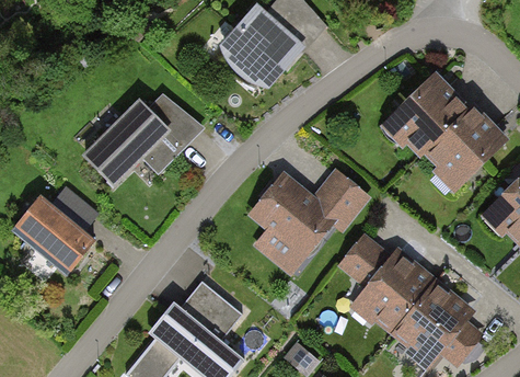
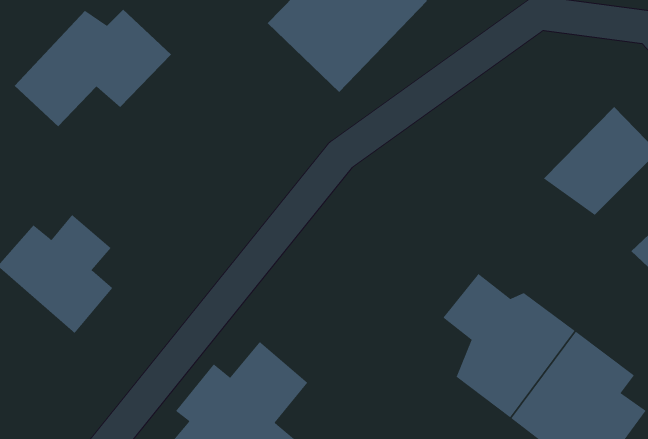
building: [380,73,467,161] -> none
building: [81,96,198,184] -> [14,9,172,127]
building: [253,168,379,271] -> none

